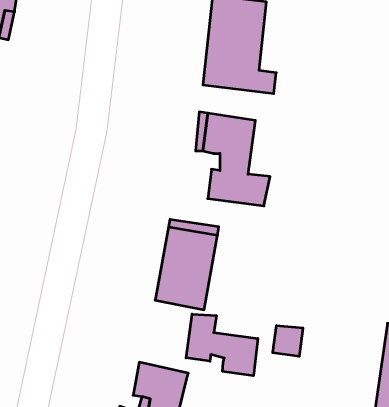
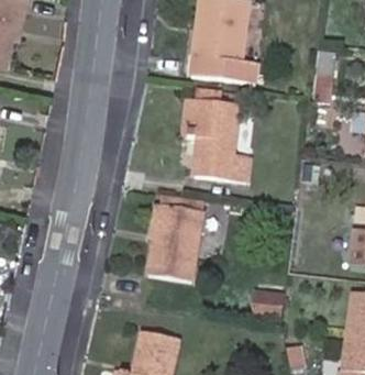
building: [186,314,258,376] -> none

